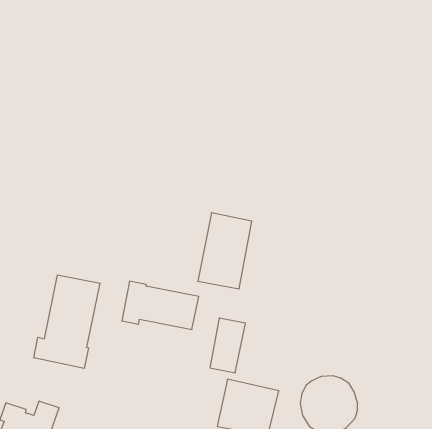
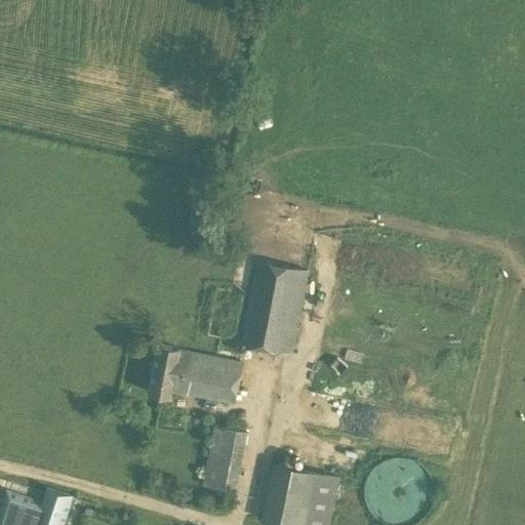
building: [34,275,100,368] -> none
building: [210,318,245,373] -> [202,426,245,492]

